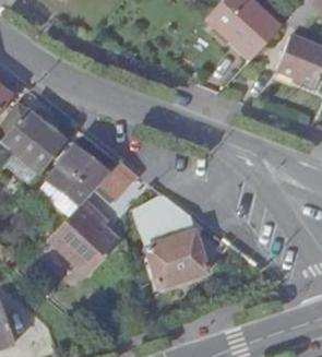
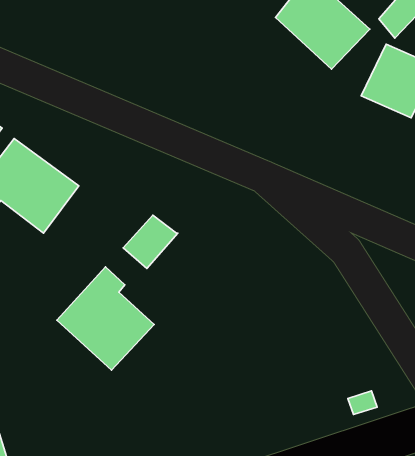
building: [49,145,107,203] -> none
building: [133,202,208,288] -> none

